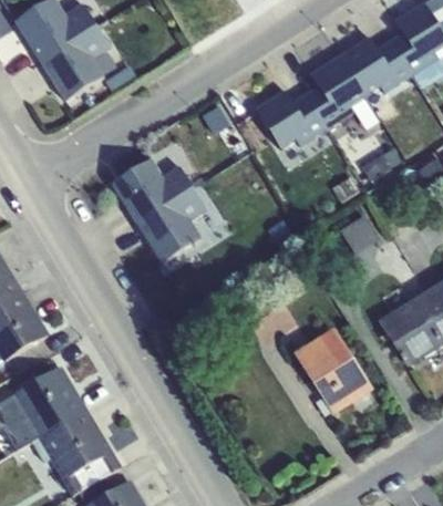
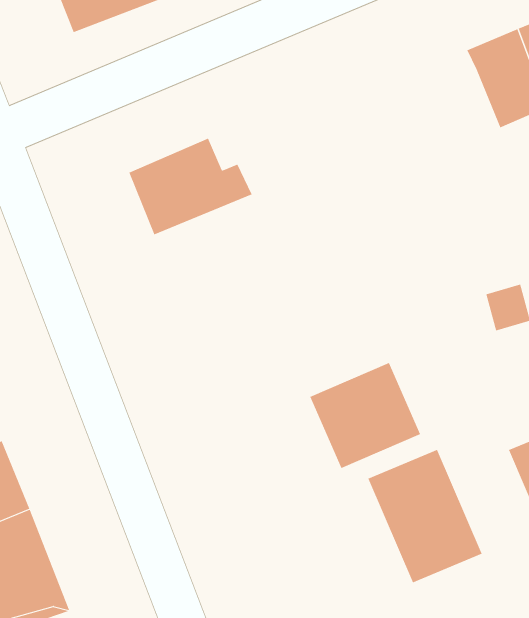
building: [257,86,340,155] -> none
building: [134,187,207,261] -> none
building: none -> [309,362,421,469]

